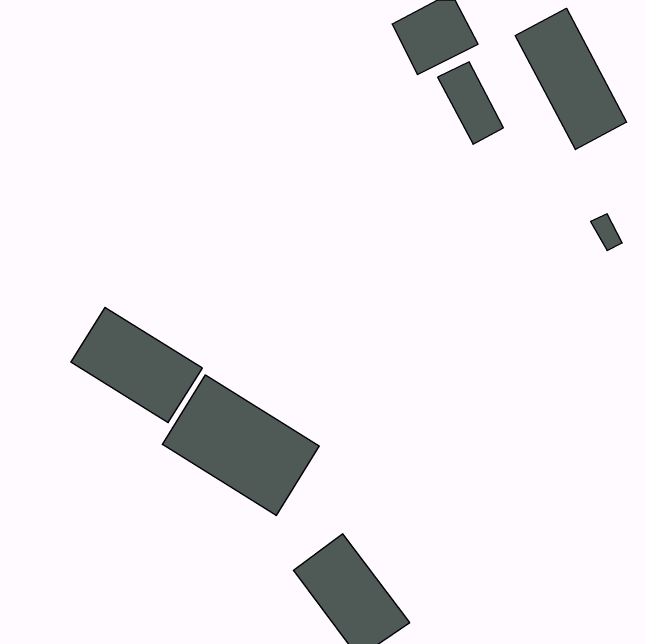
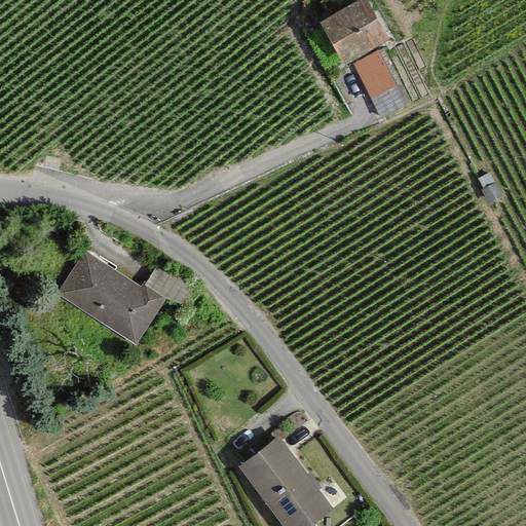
building: [515,8,627,150] -> none
building: [162,375,319,516] -> none

